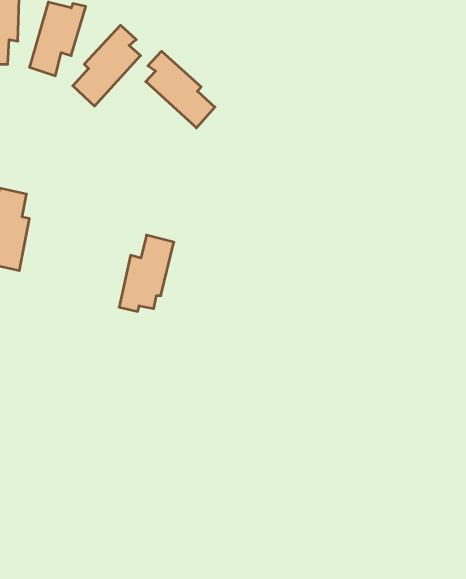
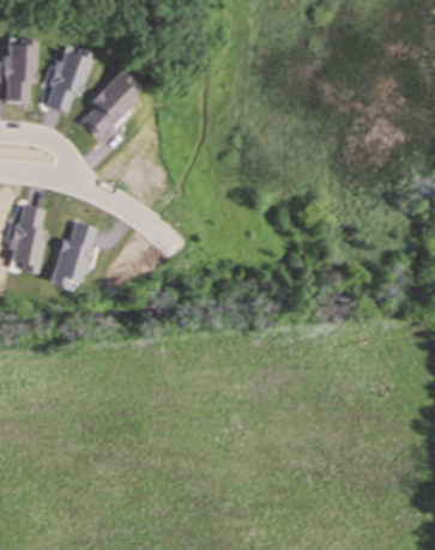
building: [146,51,215,128] -> none
building: [119,235,174,311] -> [52,222,97,285]

